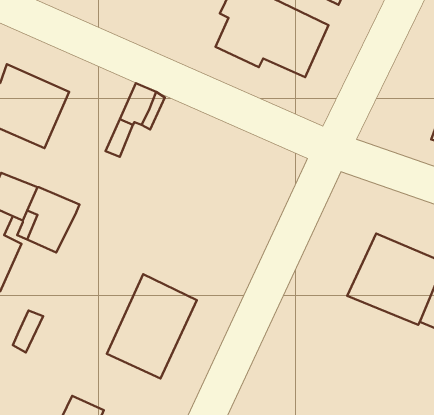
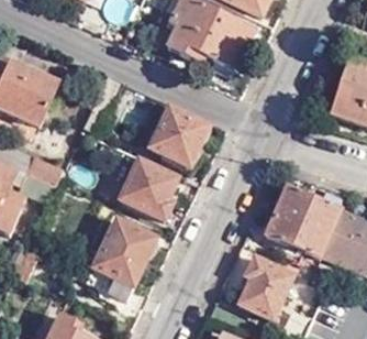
building: none -> [147,107,205,164]
building: none -> [118,158,176,219]
building: none -> [243,259,299,320]

